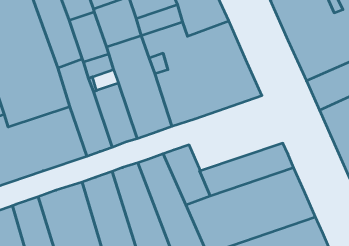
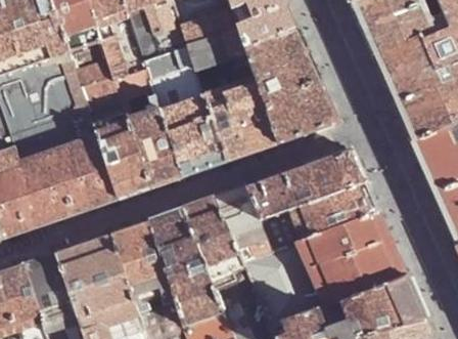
building: none -> [248,150,367,218]

